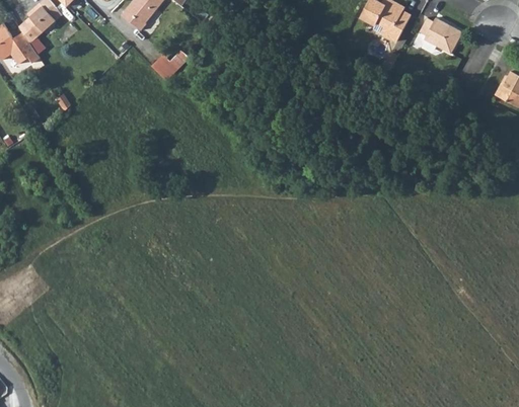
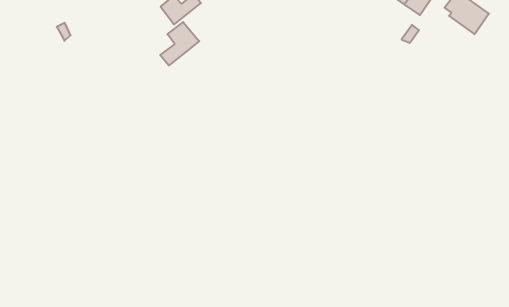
building: none -> [160,22,199,65]

